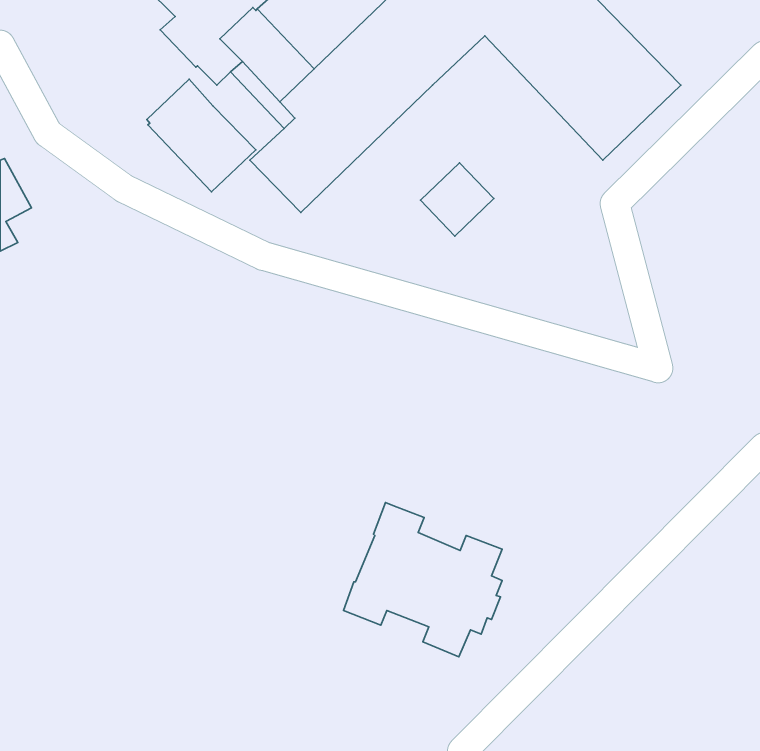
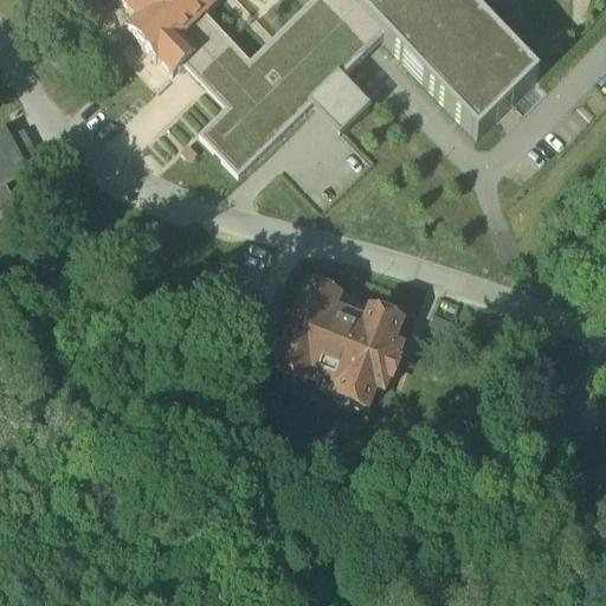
building: [147,79,256,192] -> none
building: [420,163,494,236] -> [315,67,373,125]
building: [343,503,502,657] -> [276,282,401,404]

